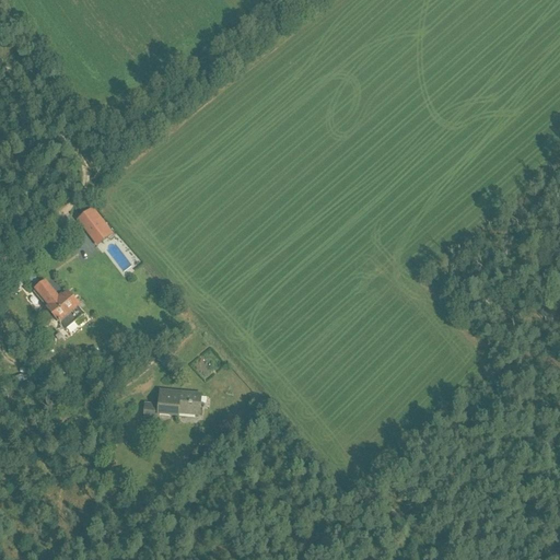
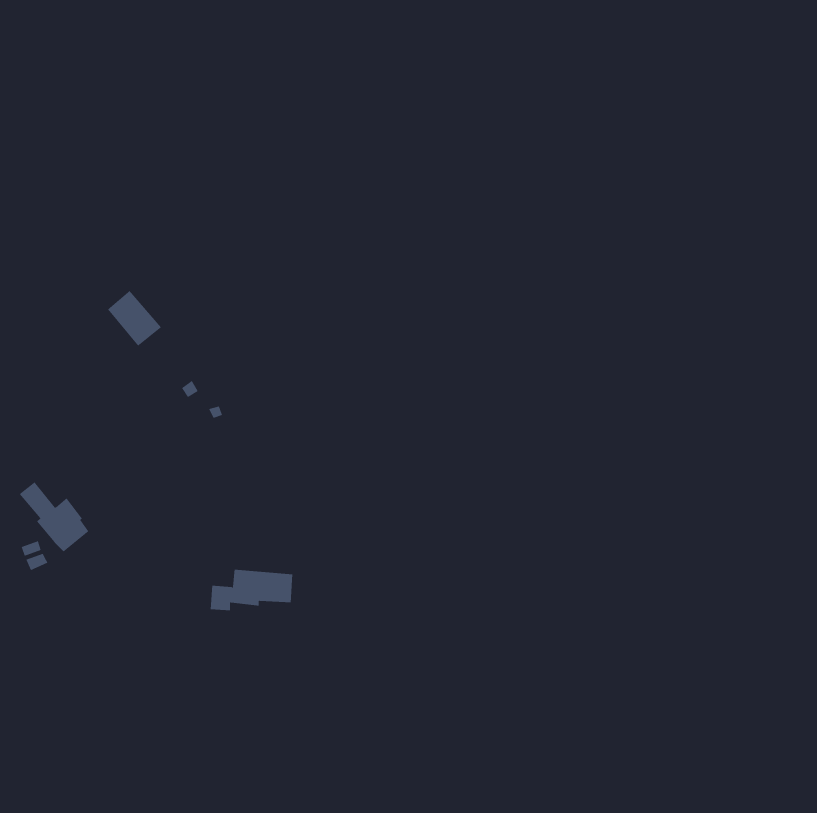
building: [34,278,82,326] -> [19,481,89,552]

